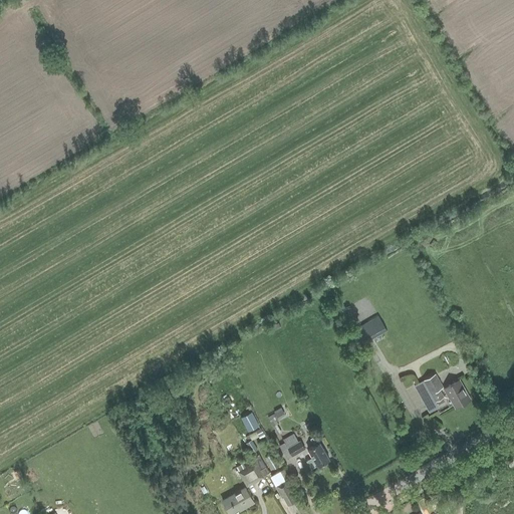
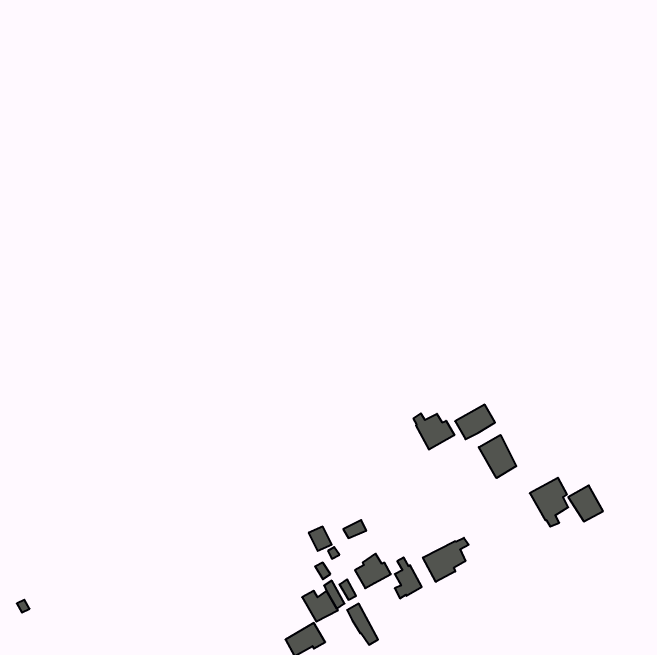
building: none -> [414,413,454,450]
building: none -> [479,435,516,478]
building: none -> [423,538,469,582]

